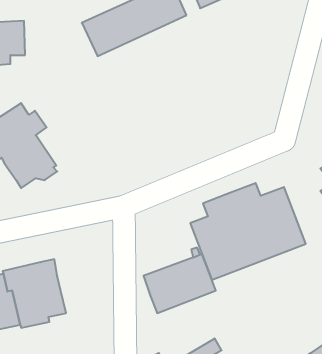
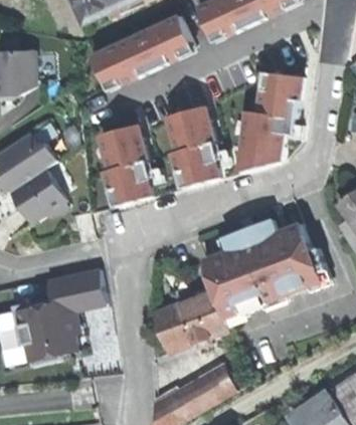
building: none -> [242,71,311,172]
building: none -> [171,101,228,186]
building: none -> [104,122,161,205]
building: none -> [44,270,104,313]

